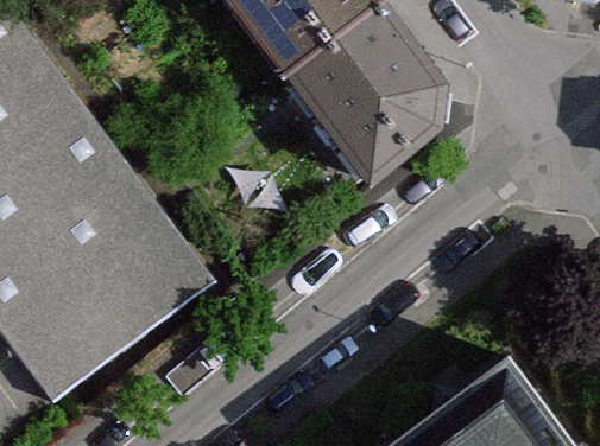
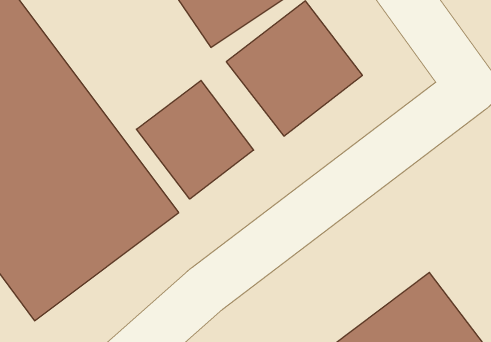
building: none -> [136,80,254,199]

